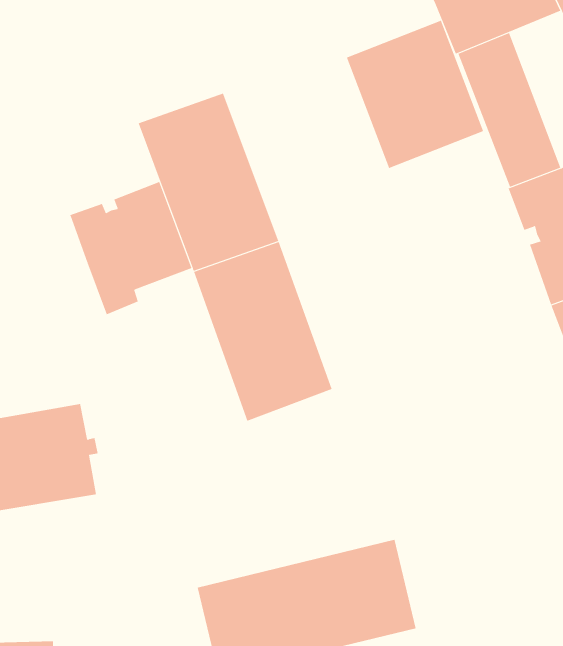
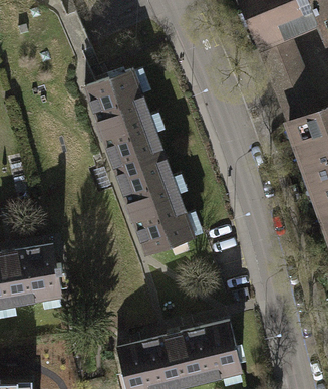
building: [346,20,484,169] -> none
building: [69,181,192,315] -> none

